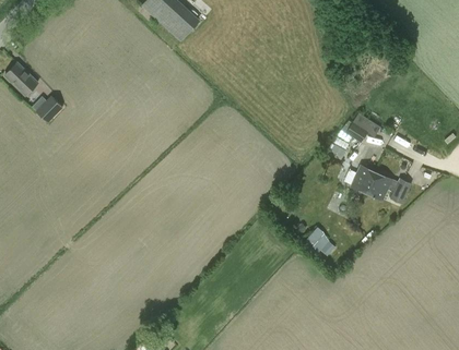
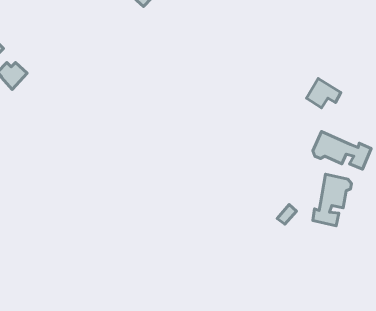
building: none -> [313,174,352,226]

